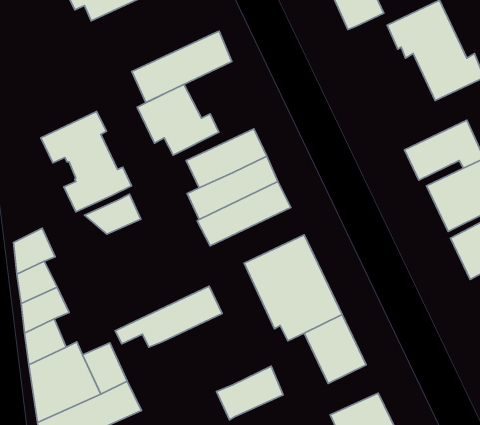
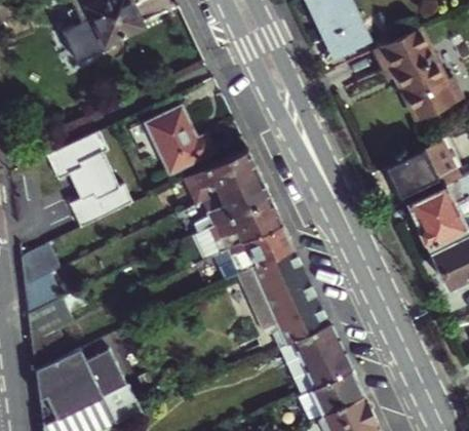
building: [132,31,232,102] -> none
building: [85,194,141,234] -> none
building: [115,286,222,347] -> [193,223,294,280]
building: [217,366,283,420] -> [301,370,363,421]

